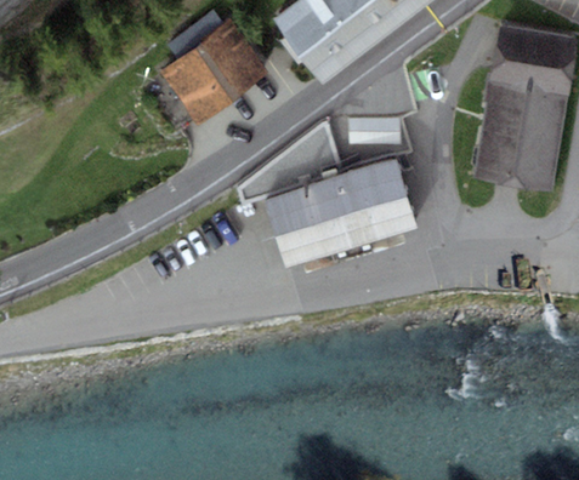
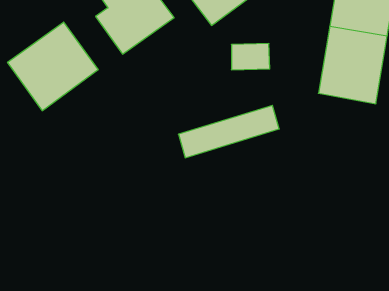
building: none -> [8,22,98,111]
building: [265,158,407,234] -> none

